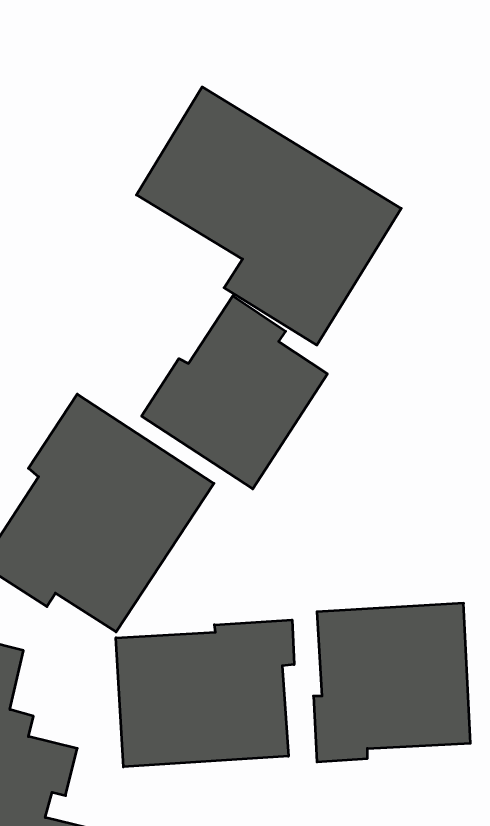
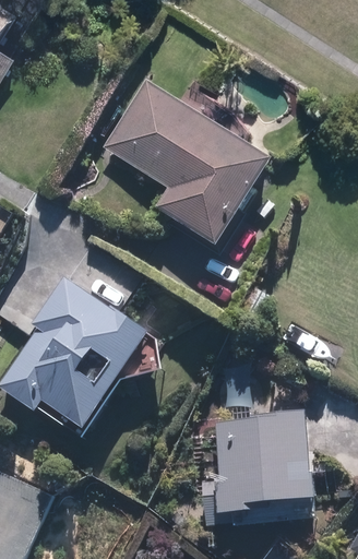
building: [142,296,327,489] -> none
building: [116,620,294,767] -> none

